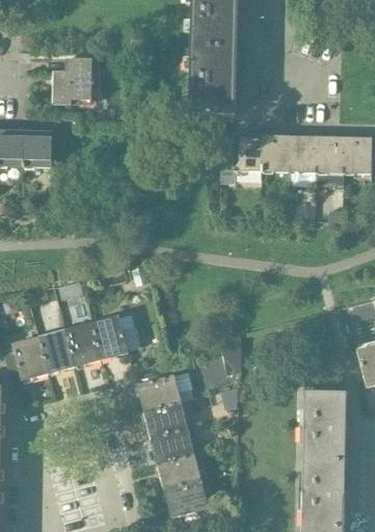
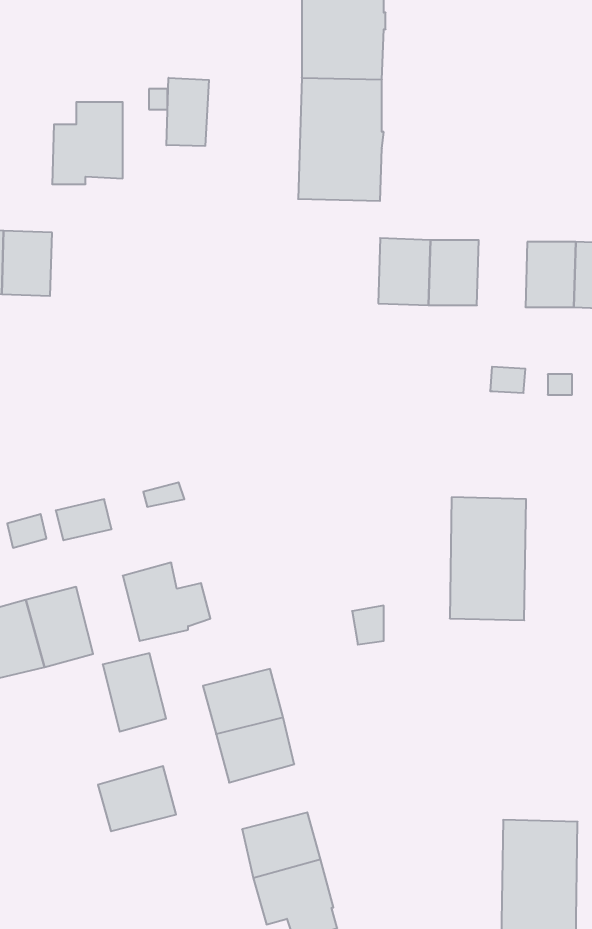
building: none -> [166,78,209,146]
building: [289,135,317,172] -> none
building: [65,322,101,366] -> [103,653,166,732]
building: [303,391,346,459] -> [450,497,526,620]
building: [151,427,194,463] -> [98,766,176,831]

